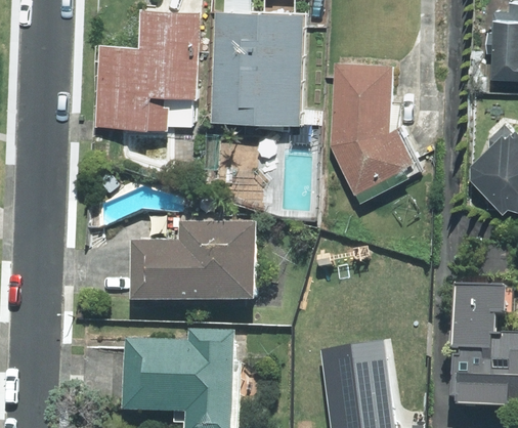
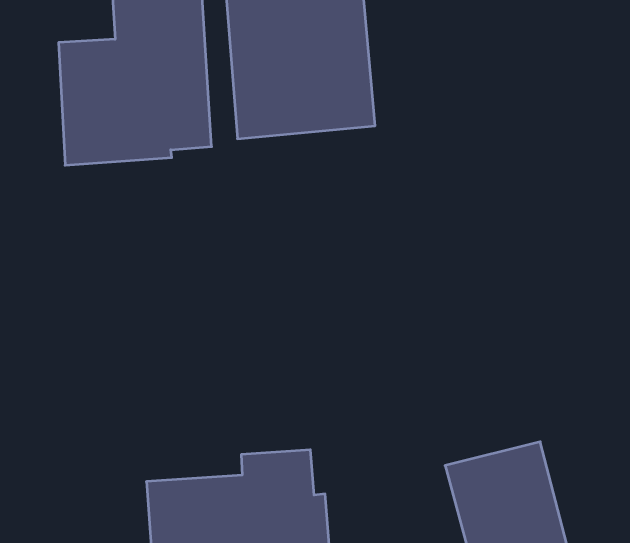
building: [330,65,419,201] -> none
building: [132,222,254,298] -> none

